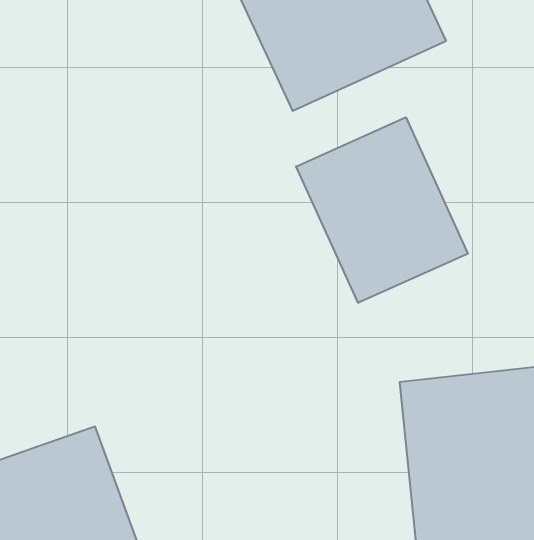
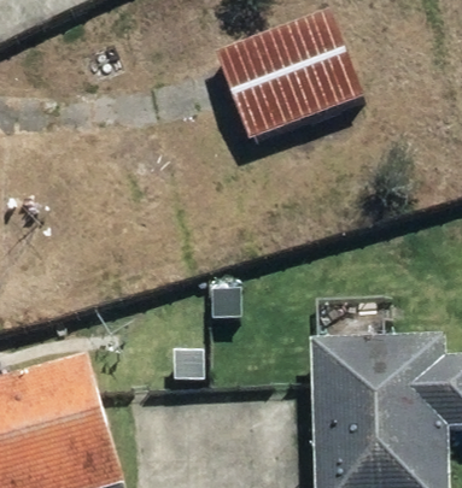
building: [296,117,468,303] -> none

